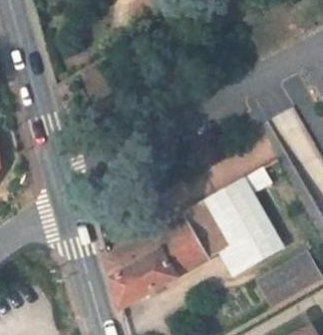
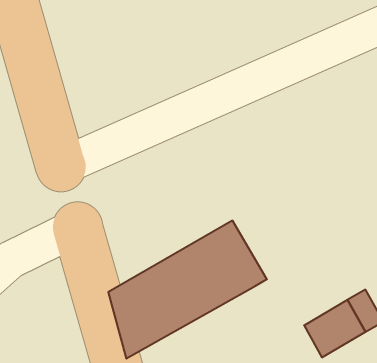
building: [204,180,277,270] -> none

